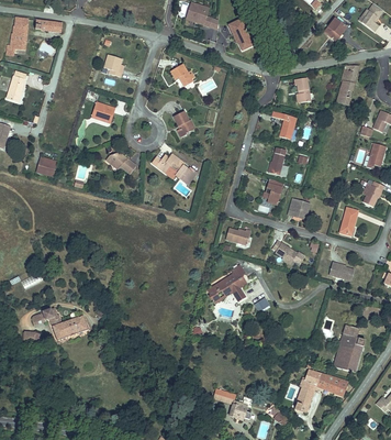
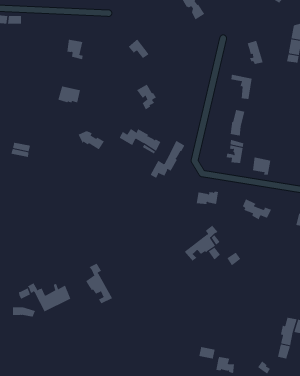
building: none -> [150,140,185,179]
building: none -> [86,263,113,304]

